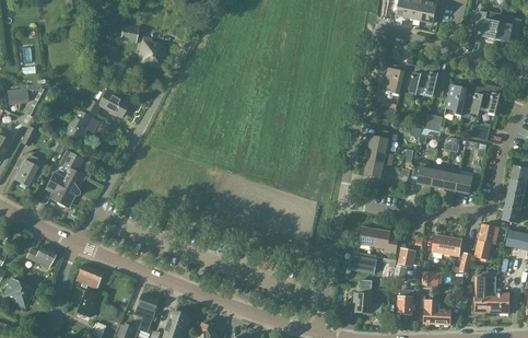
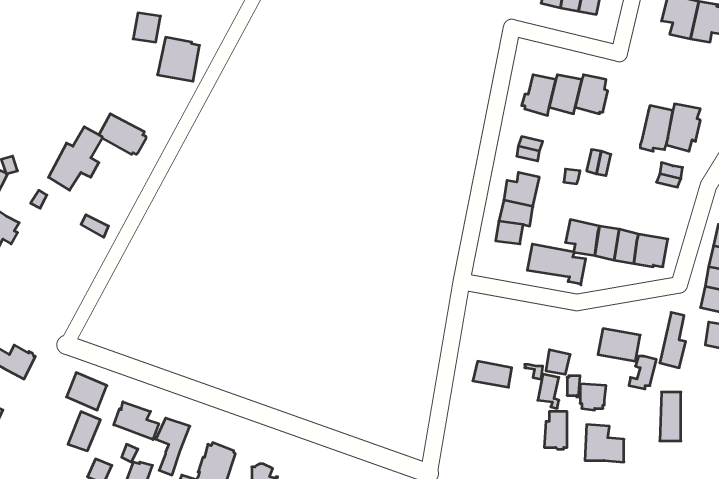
building: [444,84,467,115] -> none
building: [45,151,83,208] -> none
building: [359,226,398,254] -> [527,244,586,285]
building: [486,277,509,313] -> none
building: [354,280,372,313] -> none
building: none -> [114,402,159,440]

